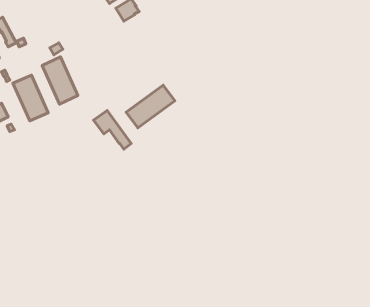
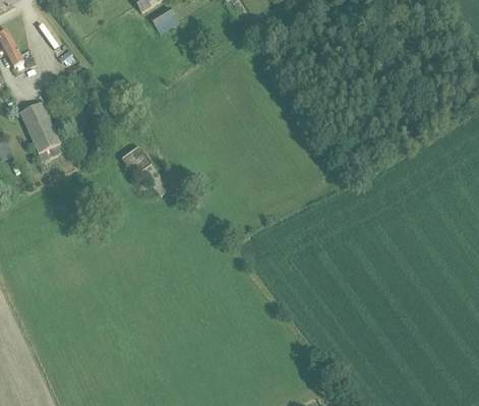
building: [42,57,78,104] -> none
building: [126,85,175,128] -> none

